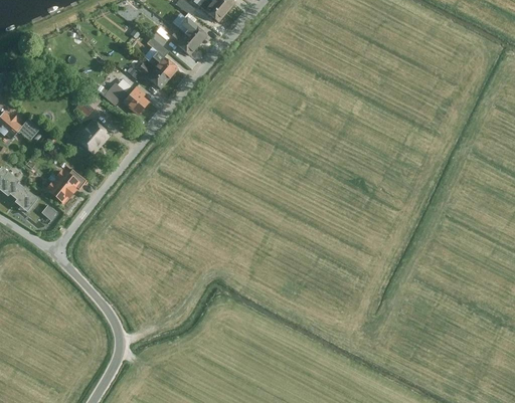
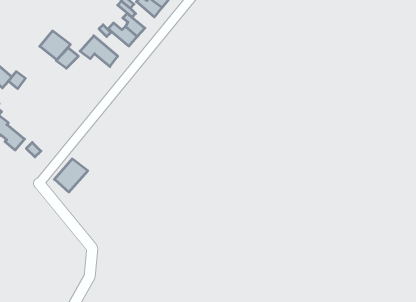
building: [73,120,110,154] -> [40,31,70,60]
building: [45,165,84,204] -> [54,159,88,192]

